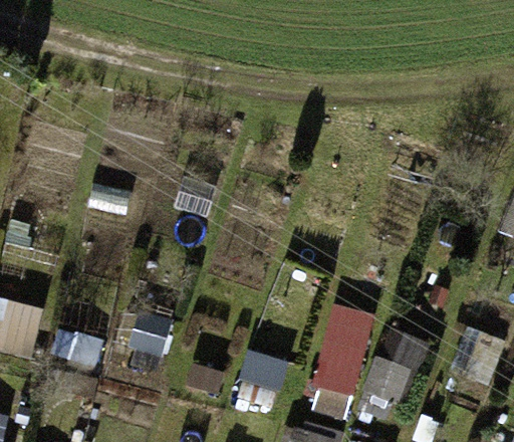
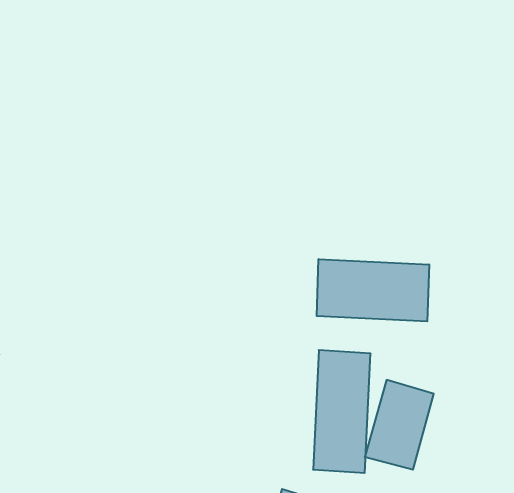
building: none -> [317,259,429,321]

